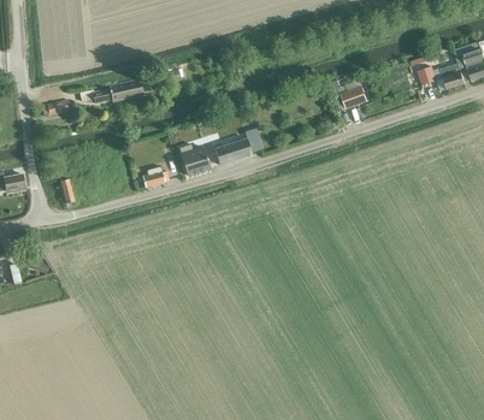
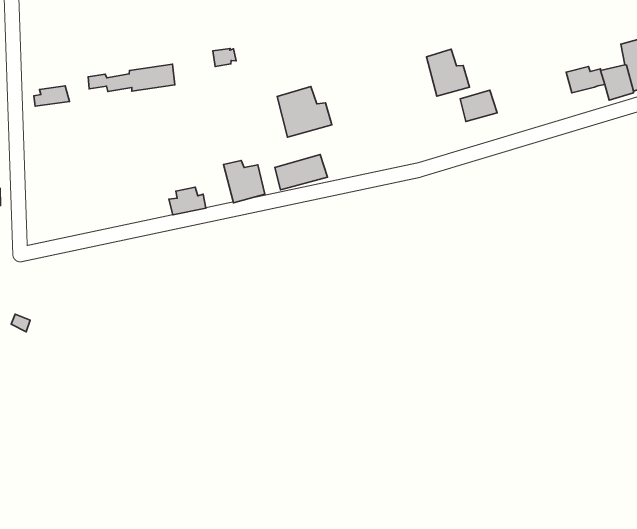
building: none -> [426,49,469,96]
building: none -> [277,86,332,137]

